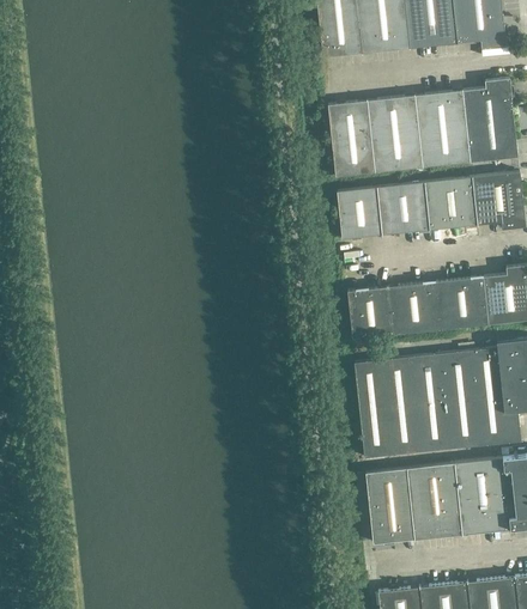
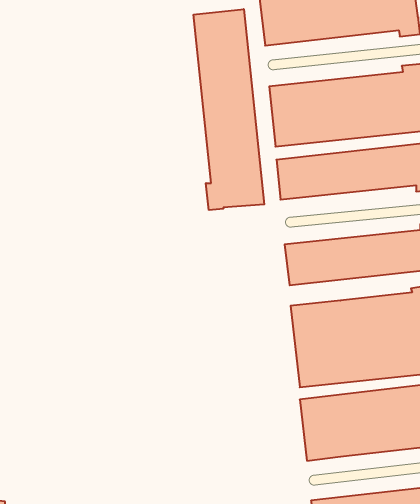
building: none -> [194,9,264,210]

